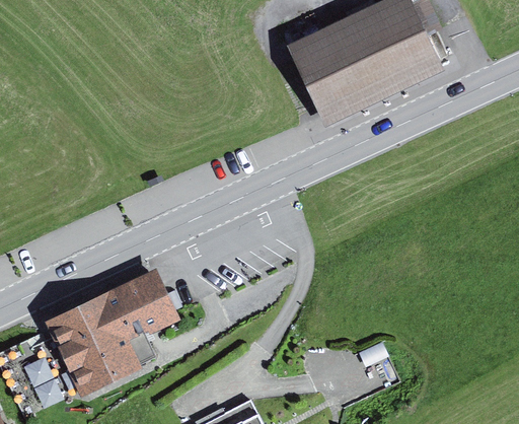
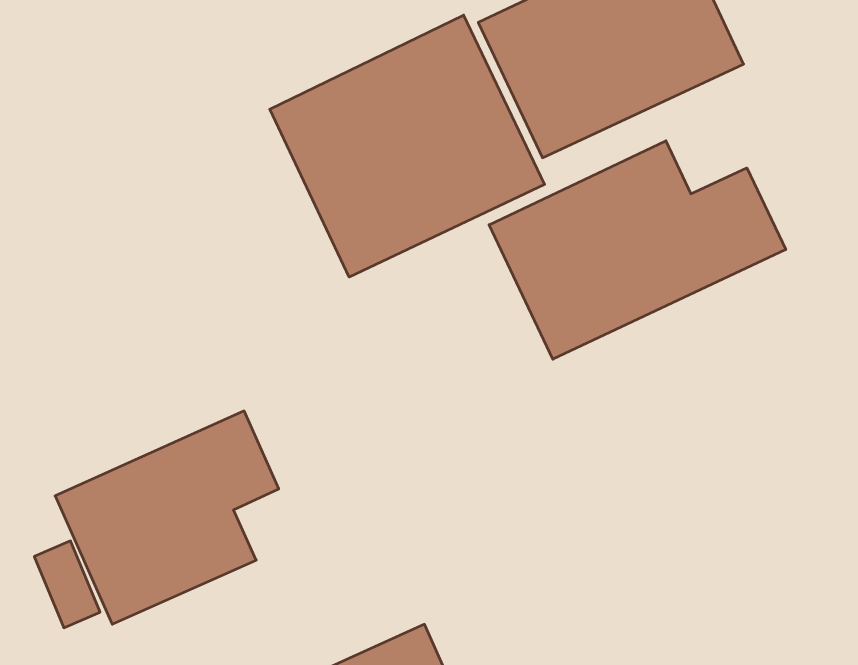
building: none -> [270,15,545,277]
building: none -> [489,141,786,359]

